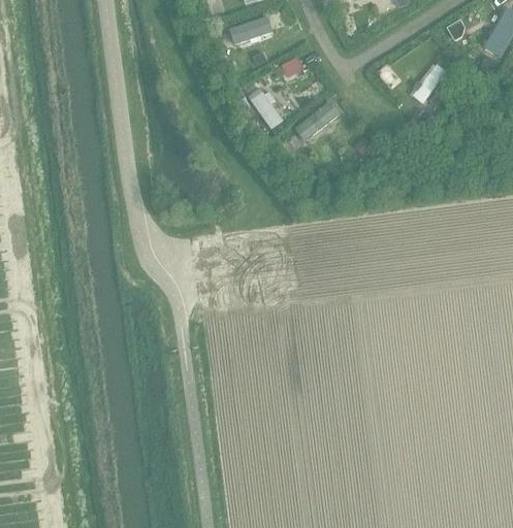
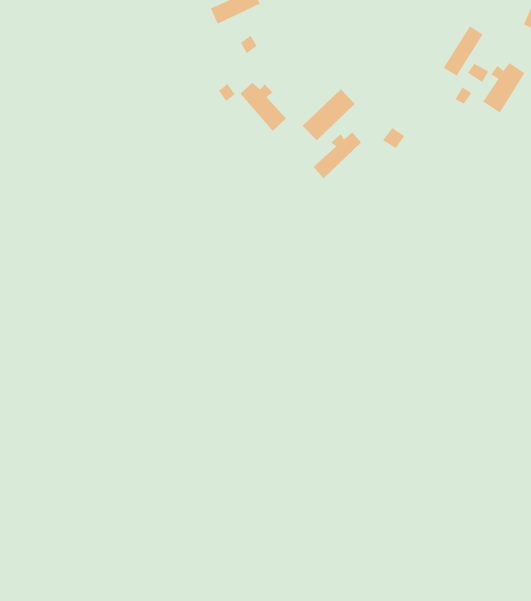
building: none -> [482,62,525,113]
building: none -> [313,132,362,179]

